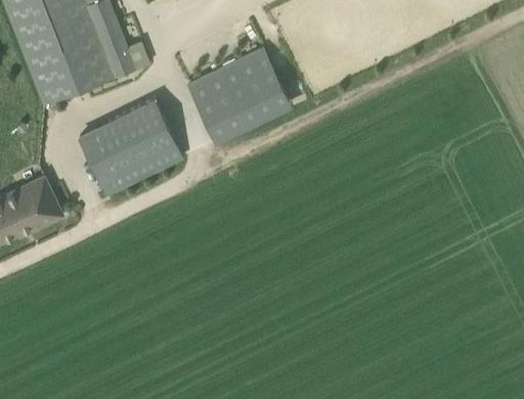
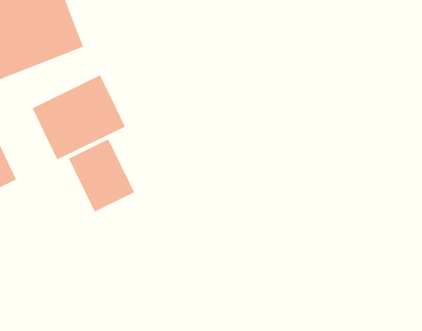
building: [186,47,293,145] -> none
building: none -> [68,138,135,212]

